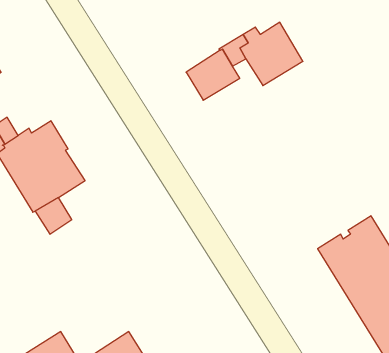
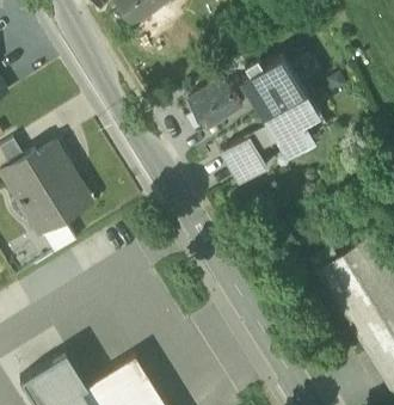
building: none -> [222,87,325,179]

